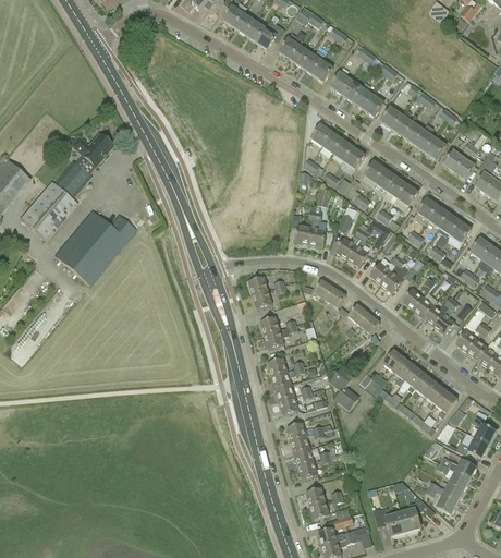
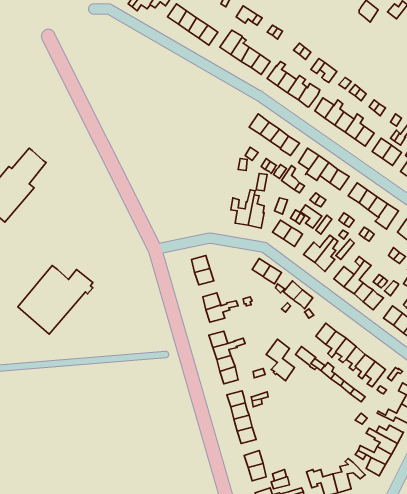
building: [71,133,112,173] -> none
building: [54,209,135,283] -> [18,265,93,334]

